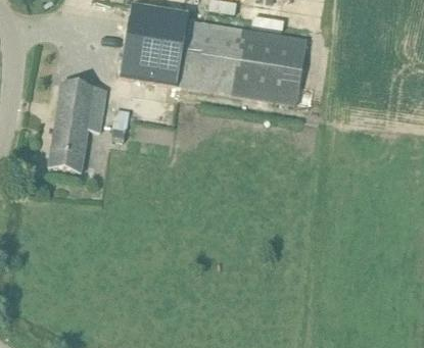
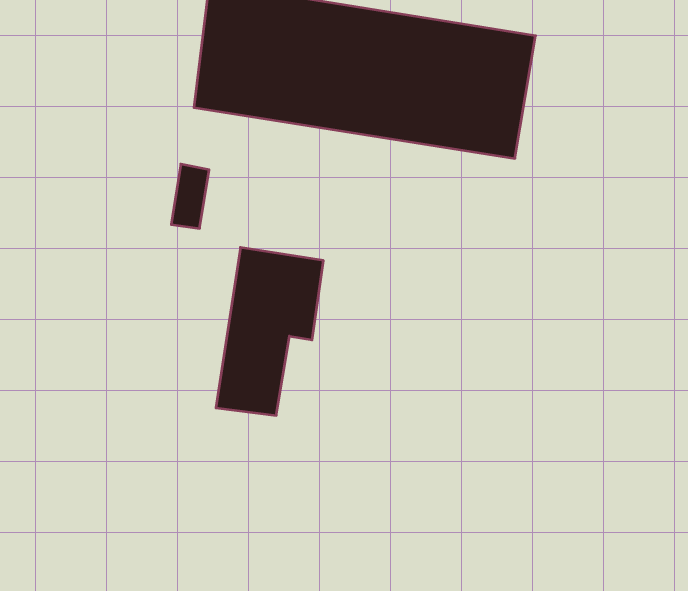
building: [48,81,106,171] -> [216,247,323,415]

